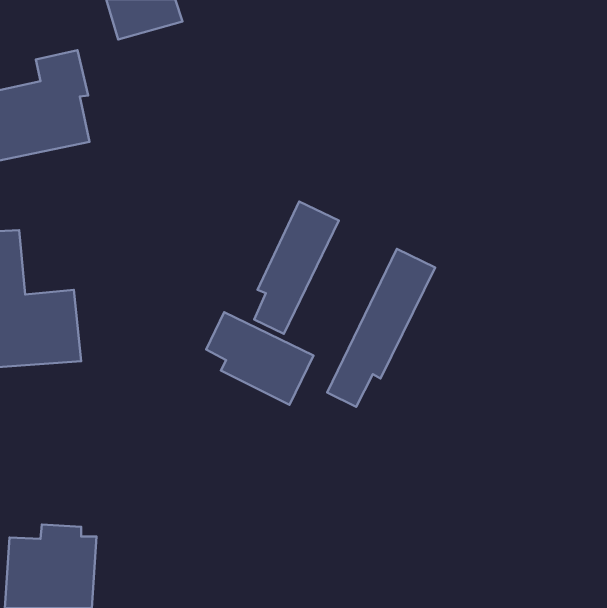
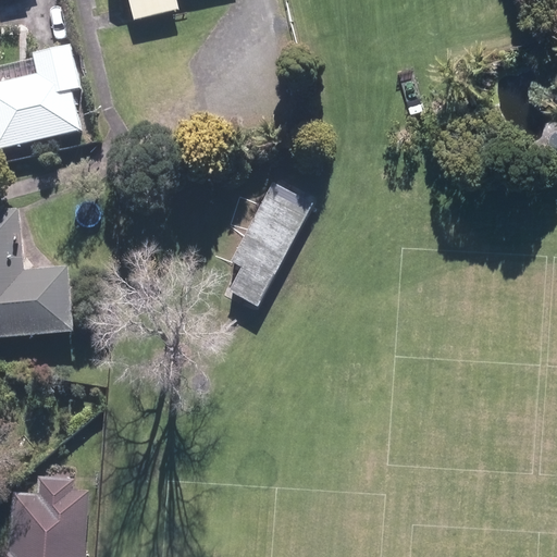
building: [327,249,435,407] -> none
building: [206,312,314,405] -> none

